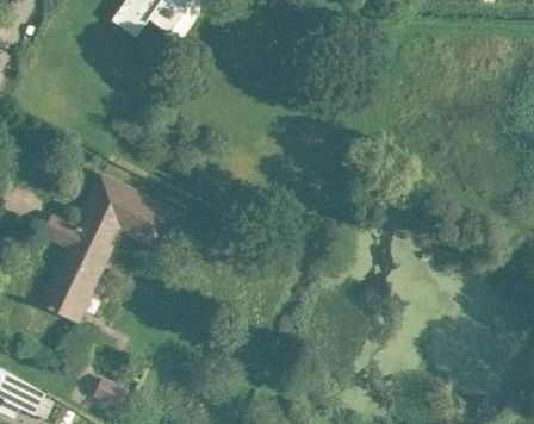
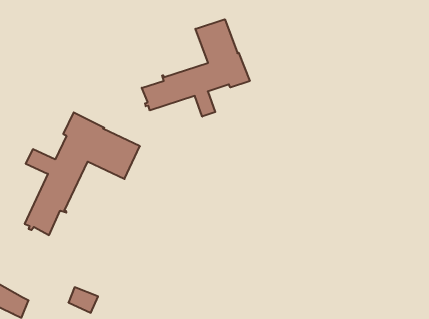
building: none -> [142,19,250,117]

